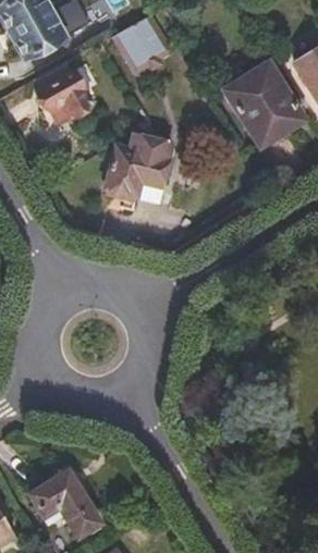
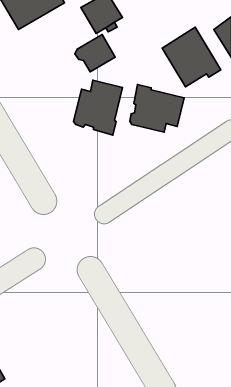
building: [36,71,90,121] -> [75,35,115,72]
building: none -> [130,85,184,132]
building: [29,469,101,539] -> none

